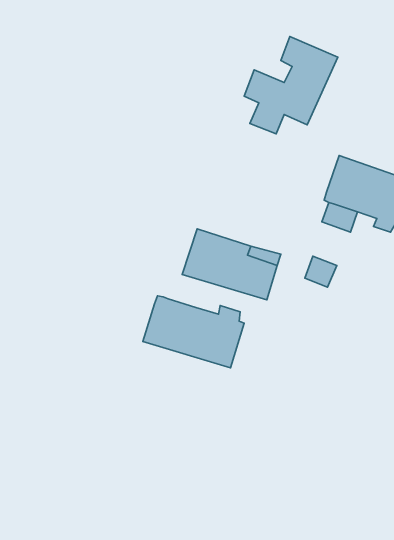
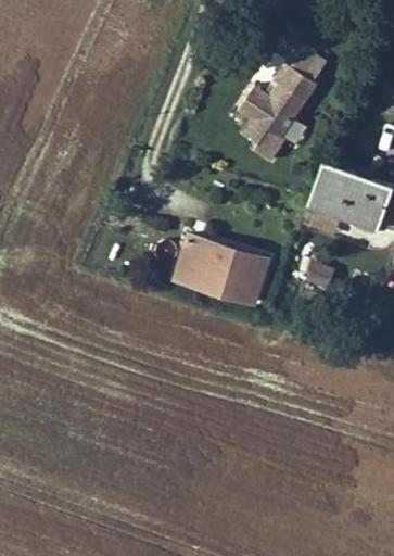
building: [143,296,244,368] -> none

